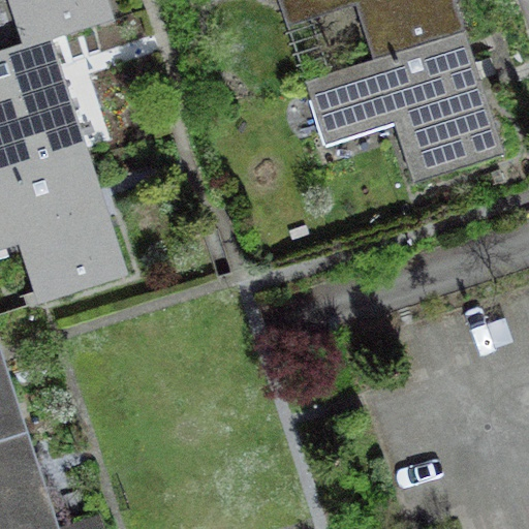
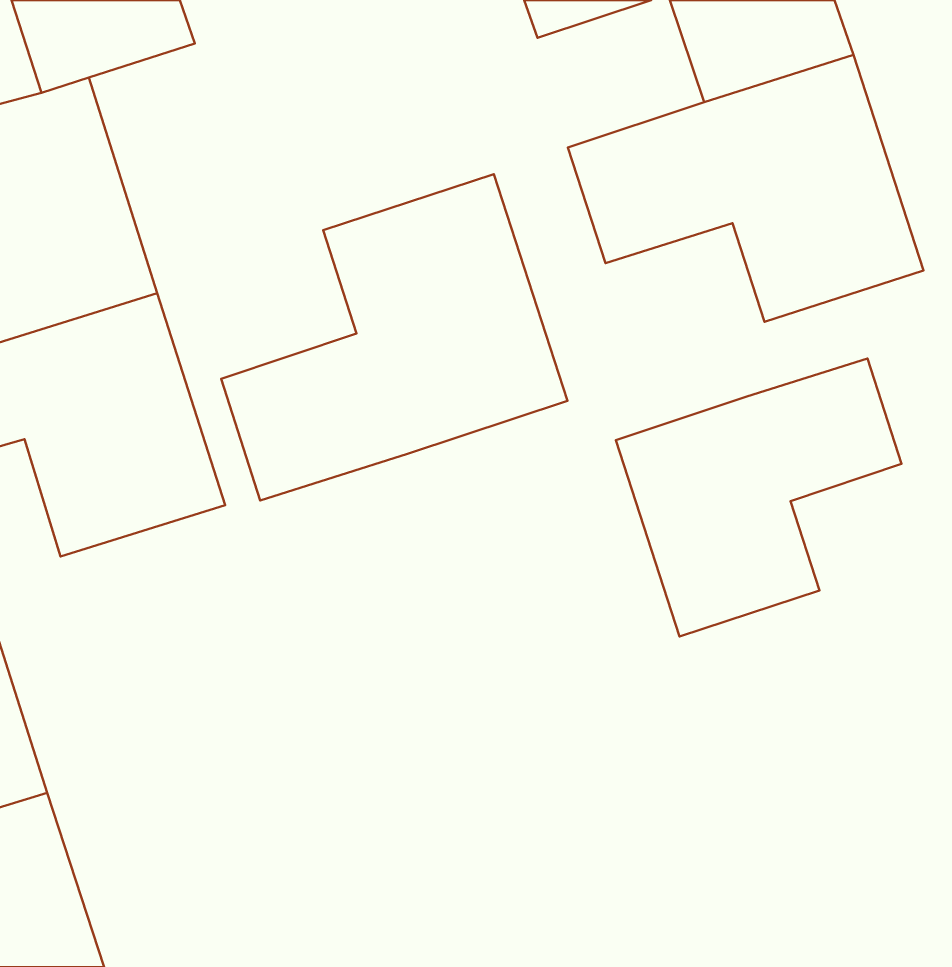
building: none -> [221,174,567,500]
building: none -> [616,359,901,636]

